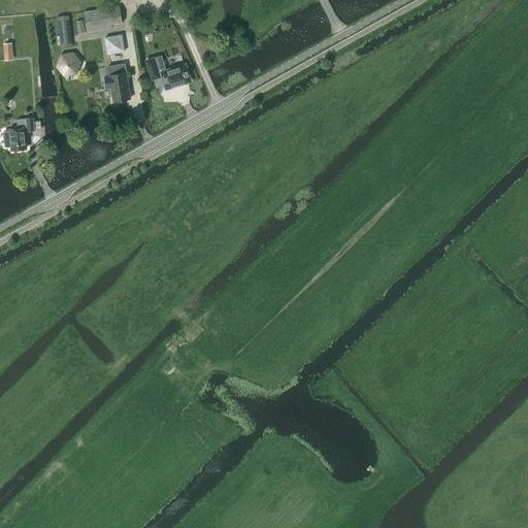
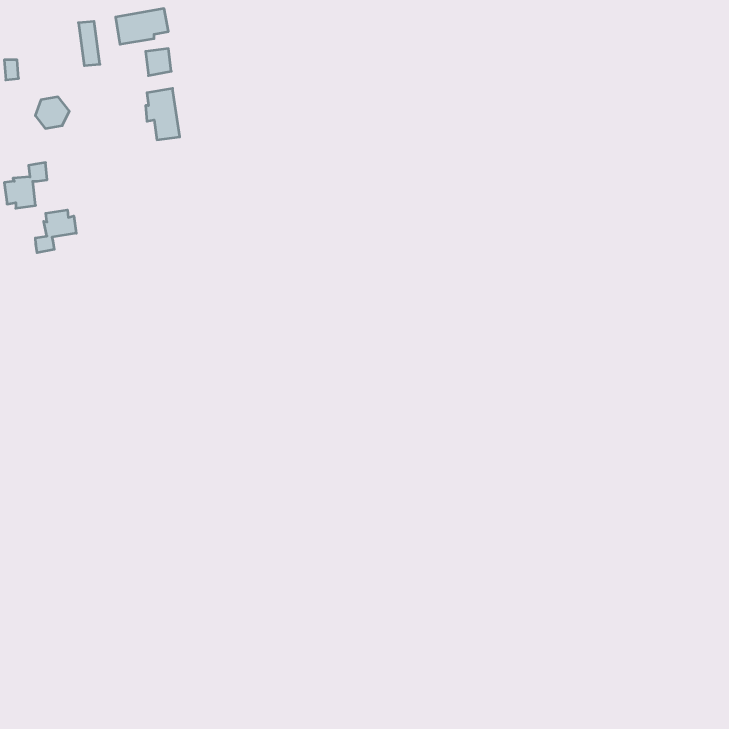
building: [56,50,80,72] -> [35,97,69,128]
building: [146,56,190,89] -> none
building: none -> [35,210,76,253]

